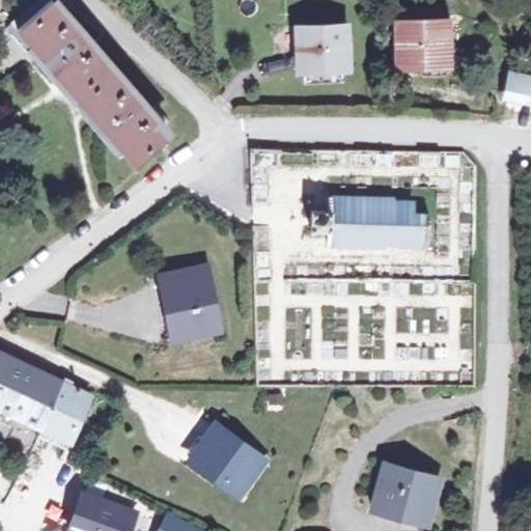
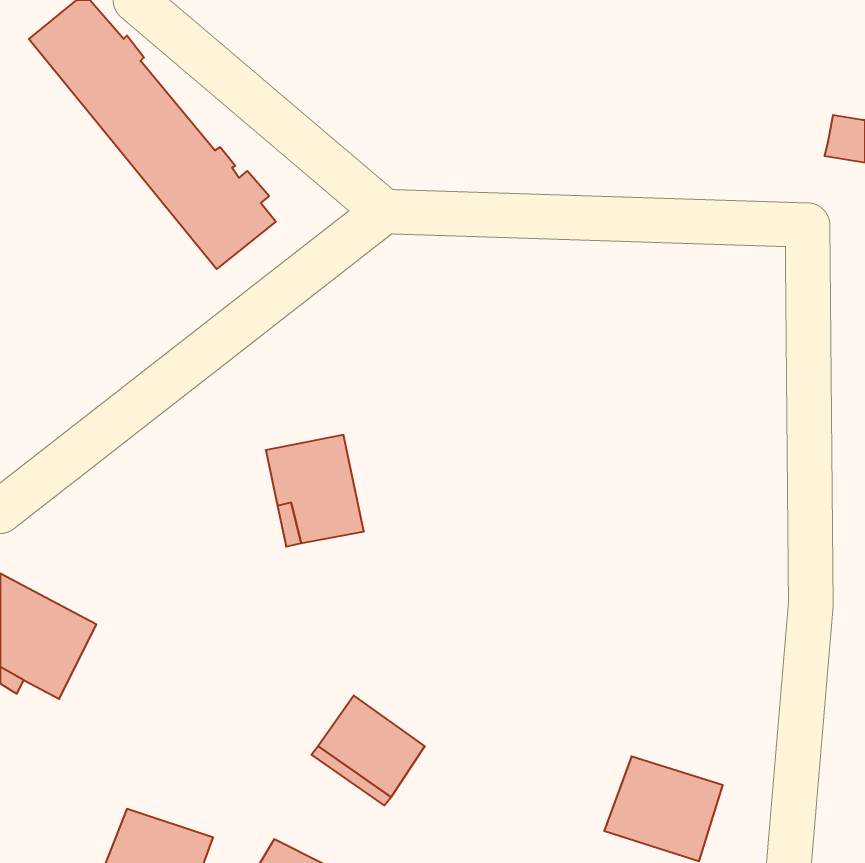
building: [396,21,449,60] -> none
building: [294,29,345,74] -> none
building: [313,197,429,249] -> none
building: [36,375,87,444] -> none

